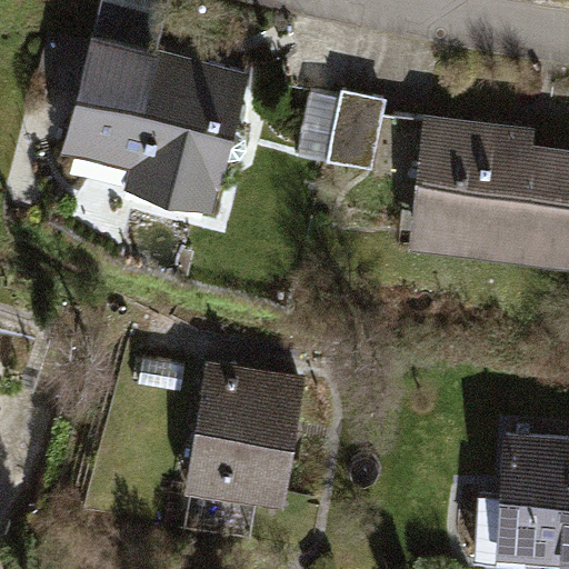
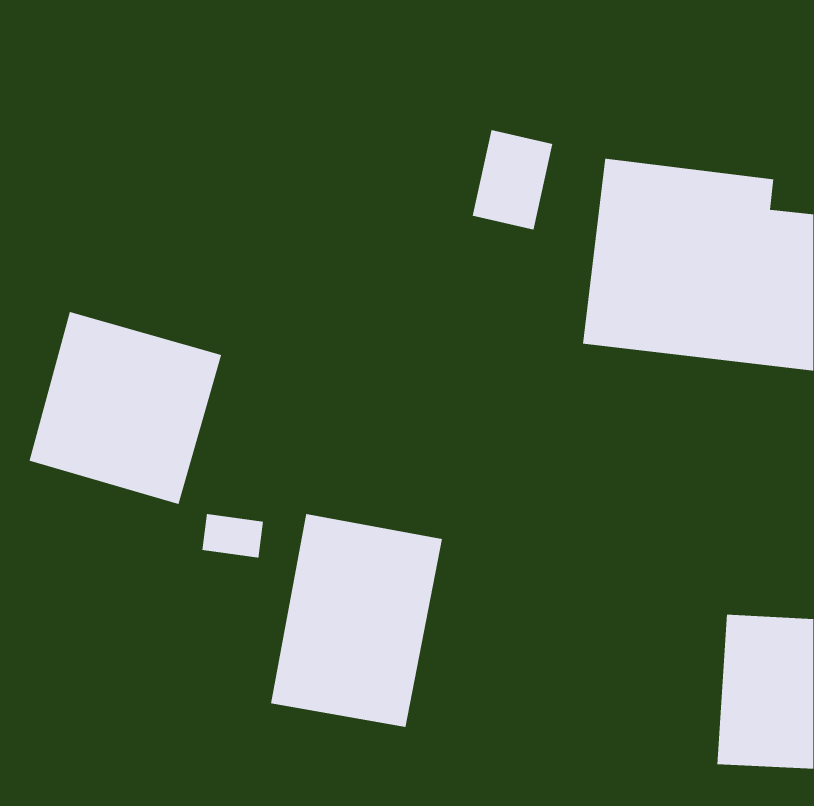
building: [57,34,251,220] -> none
building: none -> [29,311,222,505]

